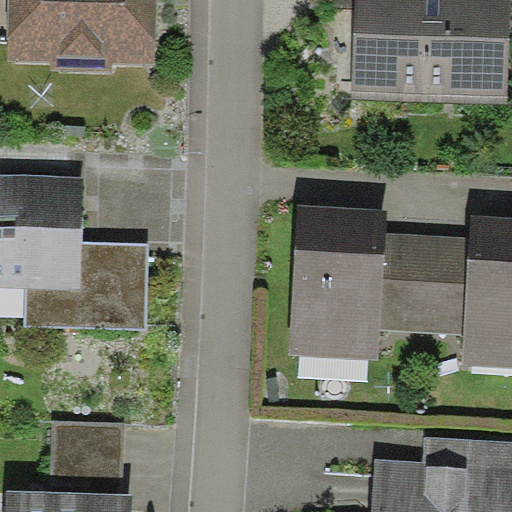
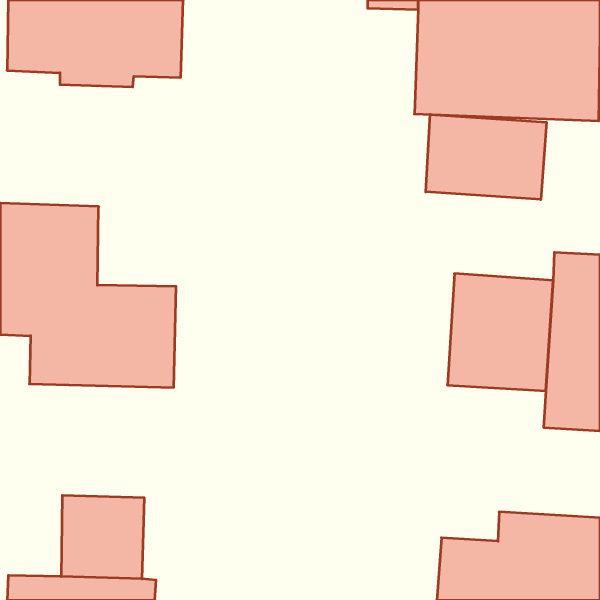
building: none -> [426,114,546,200]
building: [288,203,389,359] -> none

